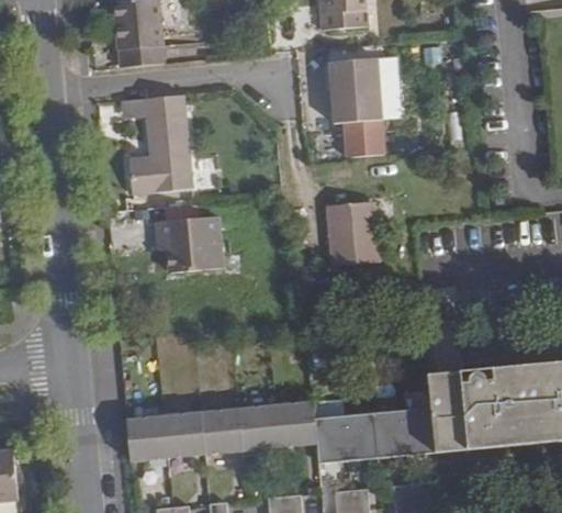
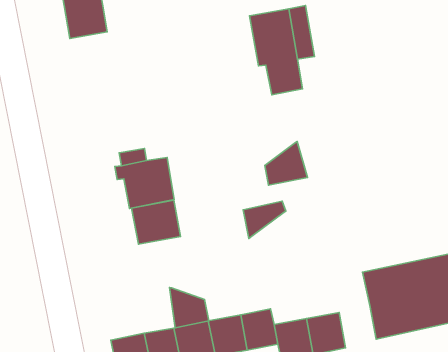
building: [128,93,190,190] -> none
building: [319,200,369,239] -> [243,201,286,239]
building: none -> [132,200,181,244]
building: none -> [170,288,209,328]
building: [397,411,438,457] -> none

